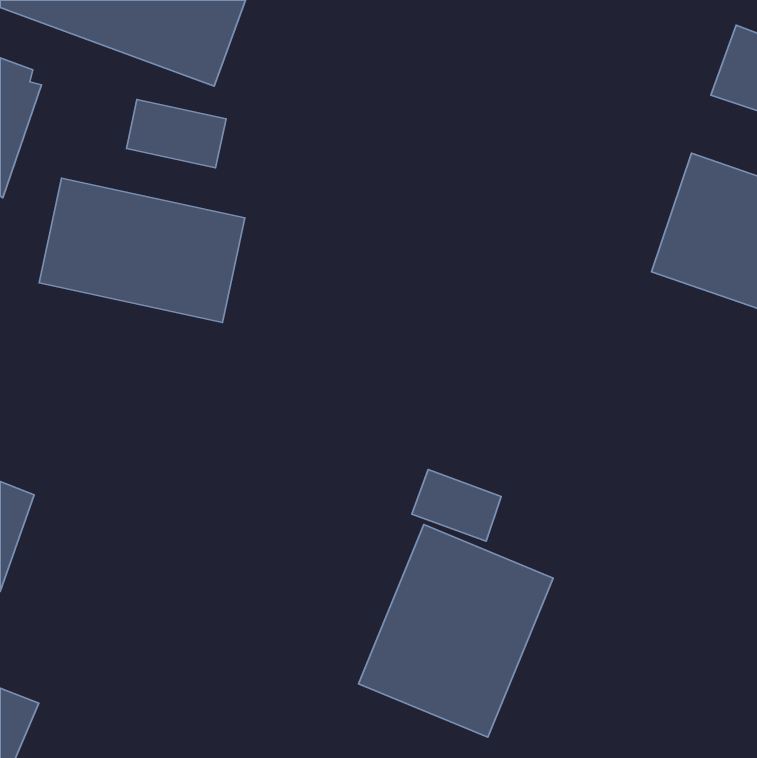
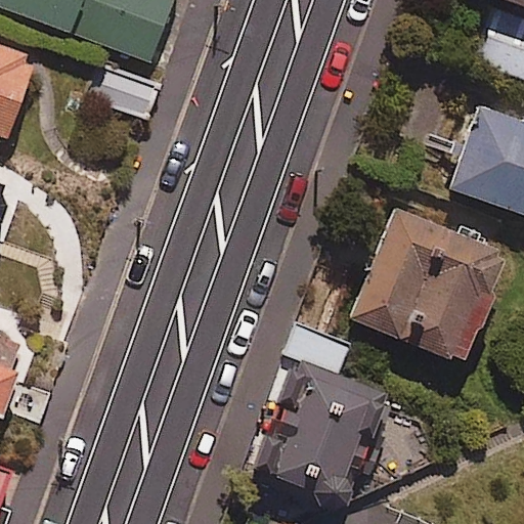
building: [39,178,245,322] -> none
building: none -> [351,211,505,362]

